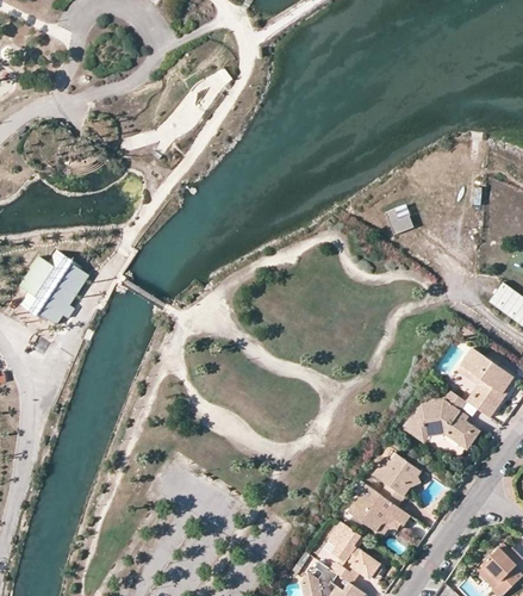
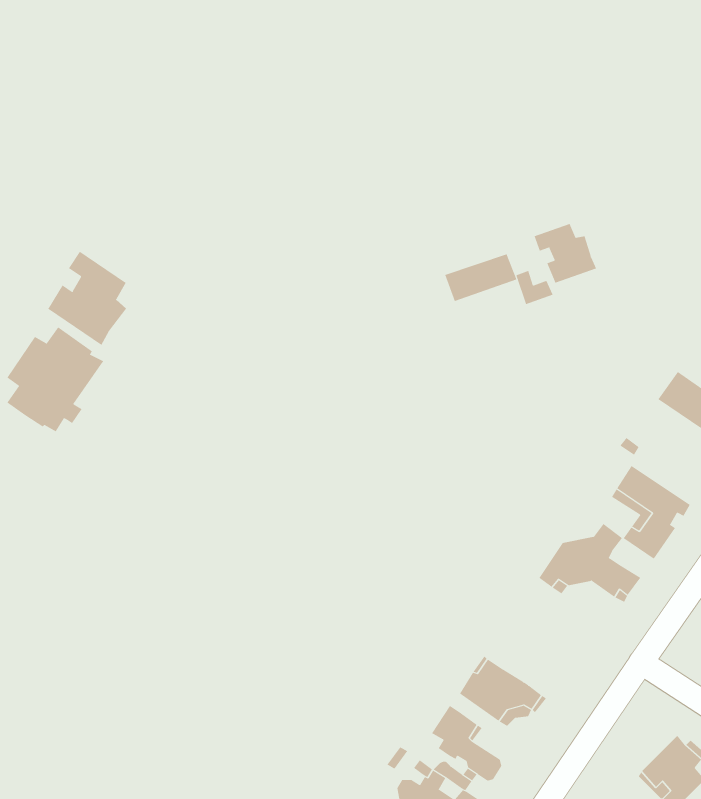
building: none -> [534,223,597,284]
building: none -> [48,251,127,346]
building: none -> [445,254,517,302]
building: [371,454,419,508] -> none

